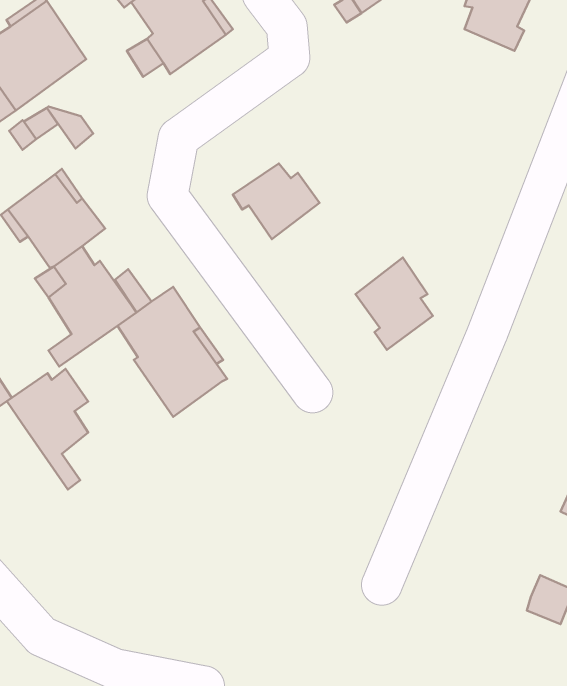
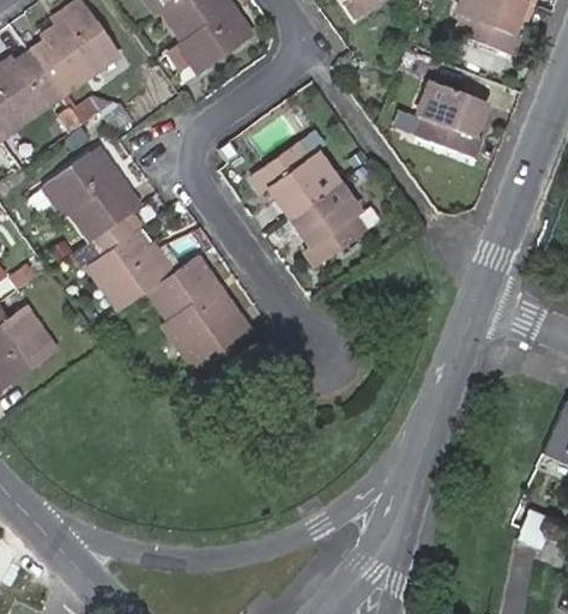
building: none -> [409,83,481,162]
building: [356,258,433,350] -> [286,180,355,261]
building: [7,369,88,489] -> none

